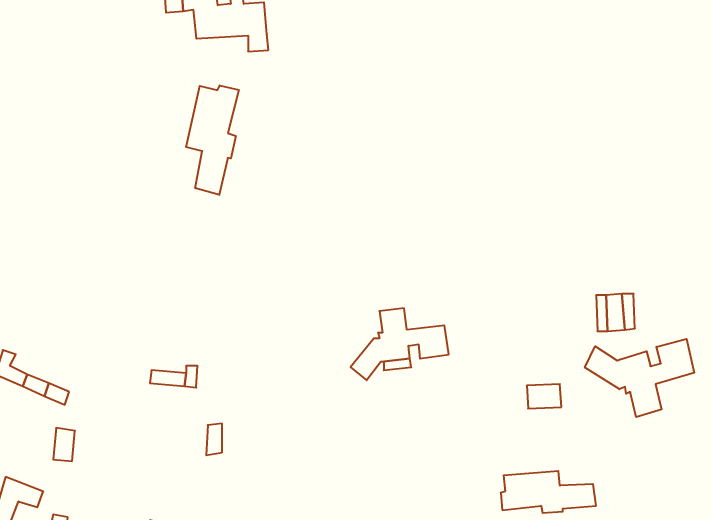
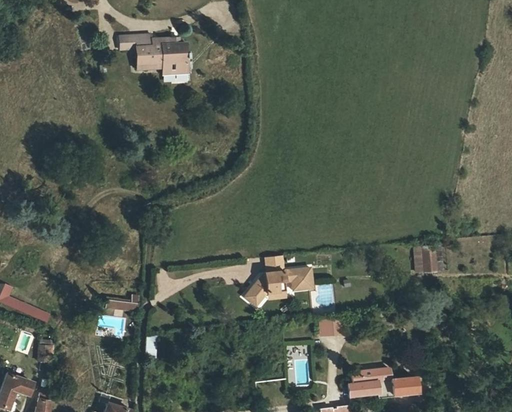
building: [186,85,239,195] -> none
building: [585,339,694,417] -> none
building: [527,384,561,409] -> [320,320,344,337]

